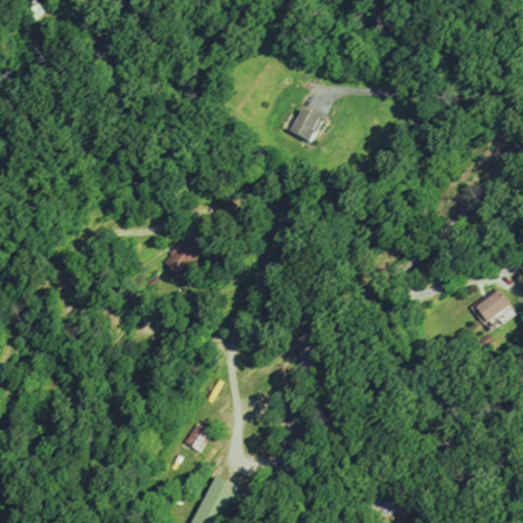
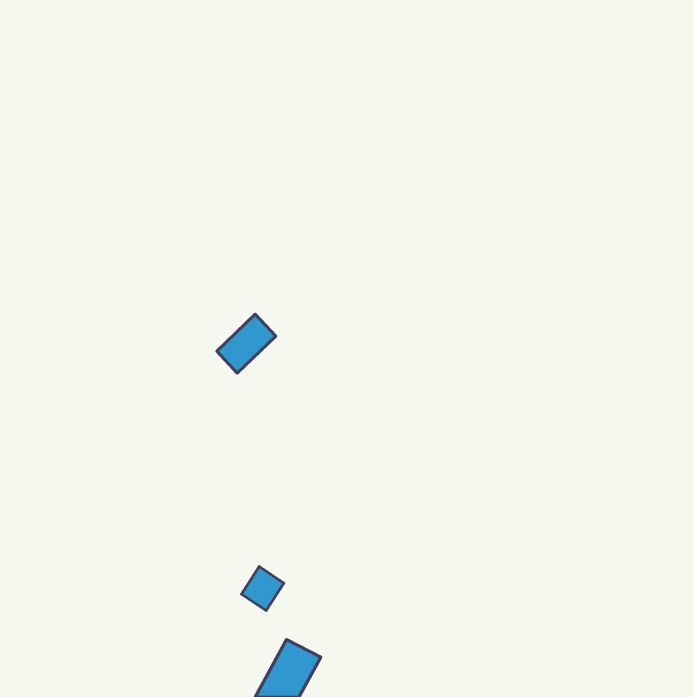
building: [290,108,323,143] -> none
building: [475,290,512,325] -> none

